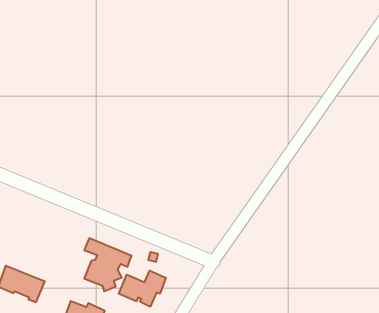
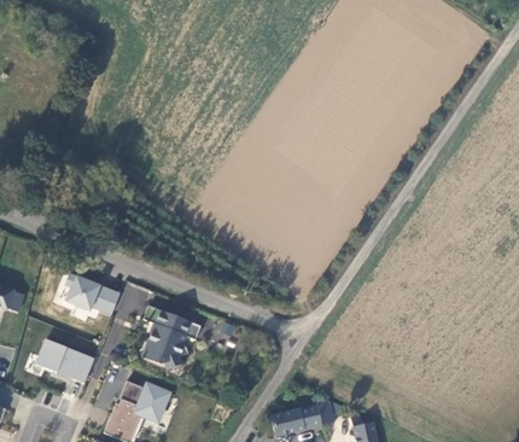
building: none -> [64,273,119,314]
building: [119,271,166,307] -> none

